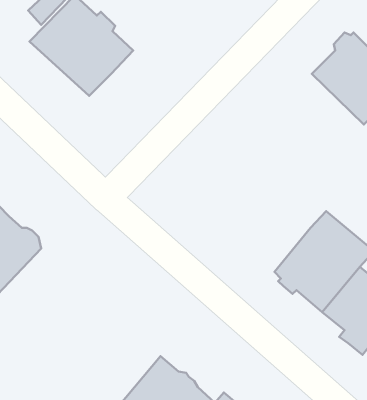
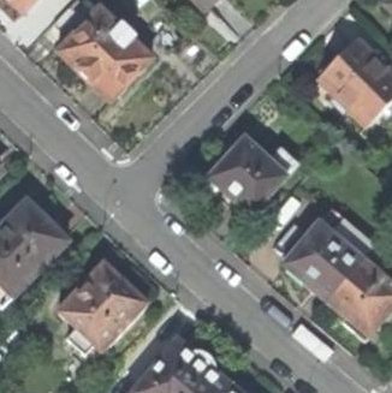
building: none -> [208,138,296,219]
building: none -> [57,261,145,353]

